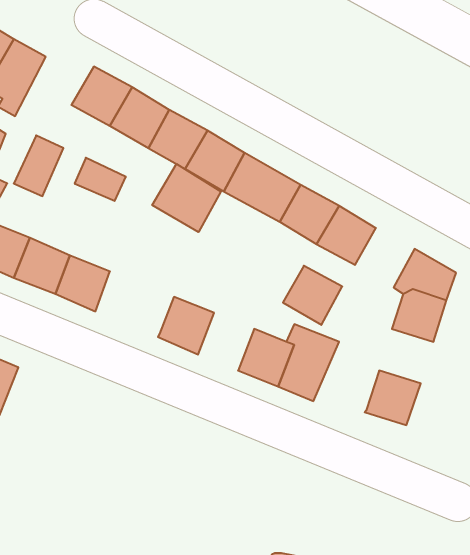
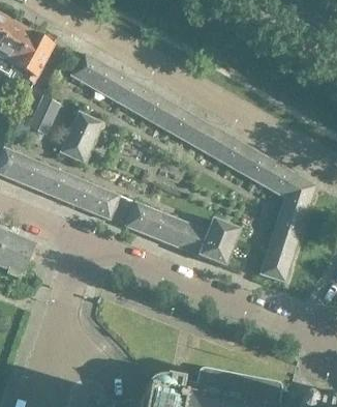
building: [152,164,221,232] -> none
building: none -> [59,126,97,164]
building: [283,266,342,325] -> [252,155,290,194]
building: none -> [85,183,121,220]
building: none -> [151,210,187,248]
building: none -> [268,221,303,256]

